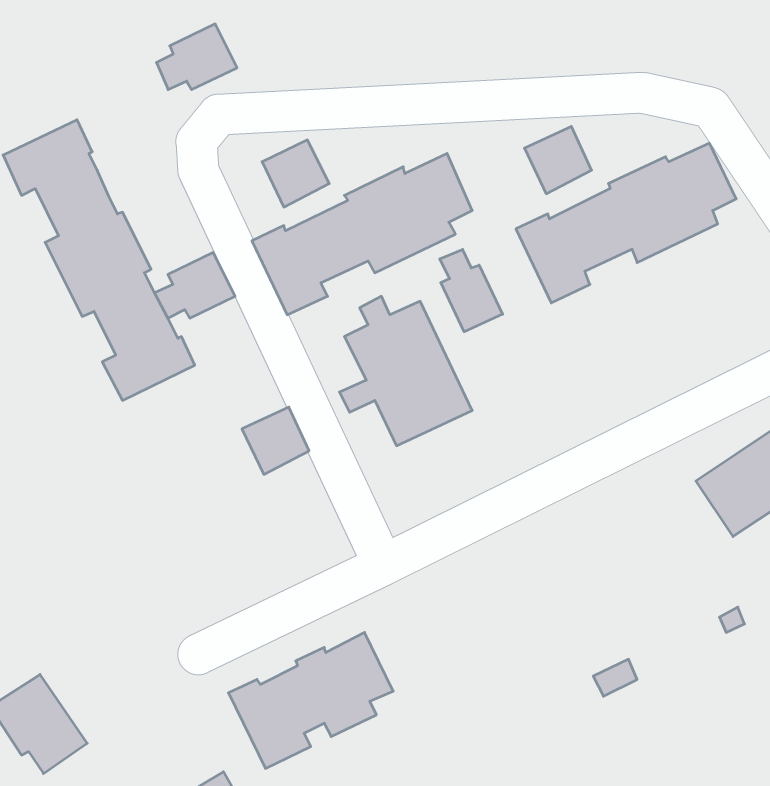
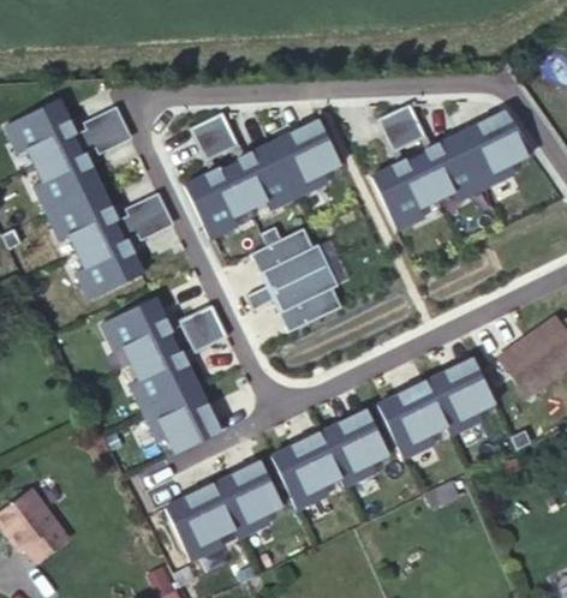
building: [156,24,237,90] -> [73,106,131,153]
building: [440,249,503,332] -> none
building: none -> [101,295,216,453]
building: none -> [380,361,497,458]
building: none -> [274,412,392,509]

